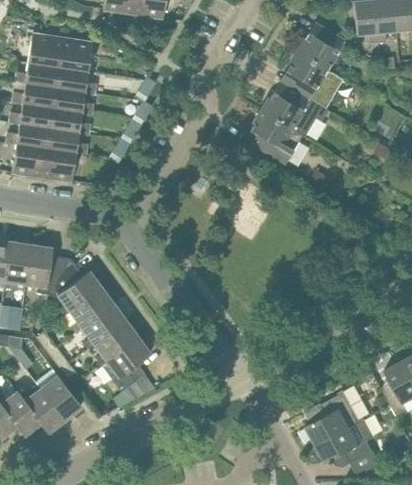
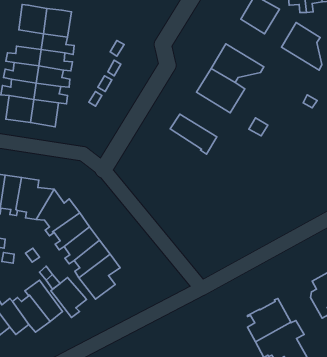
building: [280,51,329,109] -> [282,23,322,70]
building: [15,64,58,88] -> none
building: none -> [170,114,217,154]
building: none -> [51,278,87,317]

